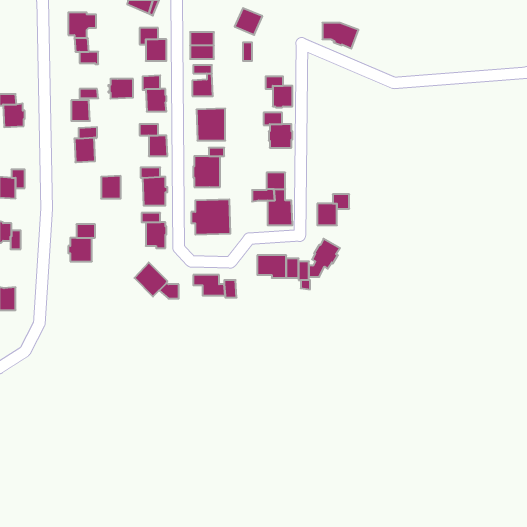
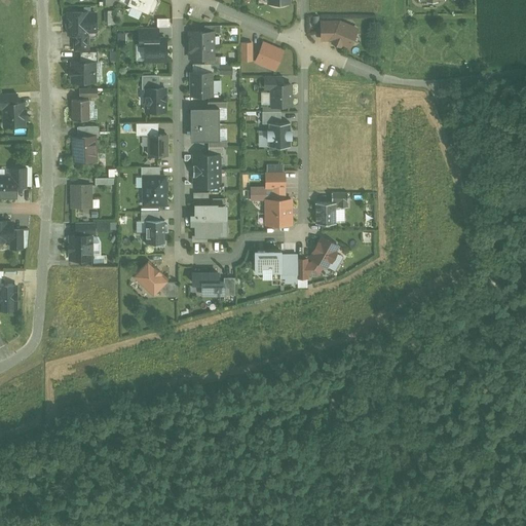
building: [235,8,262,35] -> [255,44,283,71]
building: [108,79,133,99] -> [70,64,95,83]
building: [101,176,121,199] -> [71,186,90,209]

